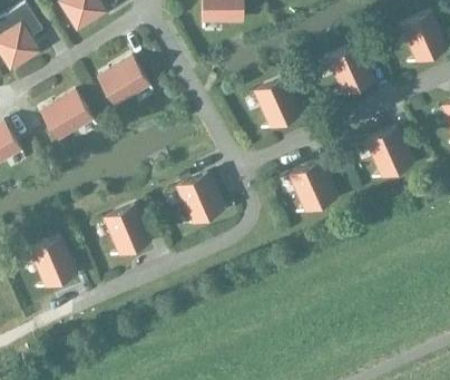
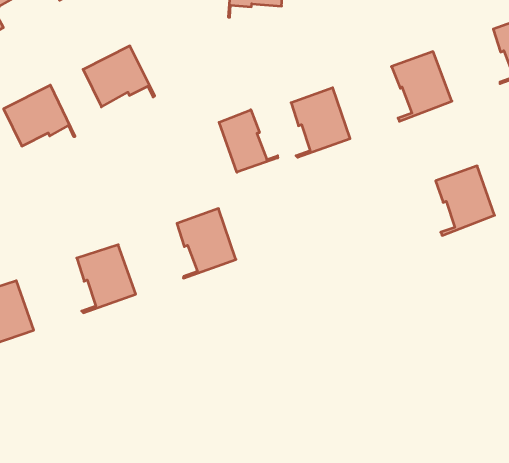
building: none -> [219,110,278,172]
building: [288,163,334,216] -> none

